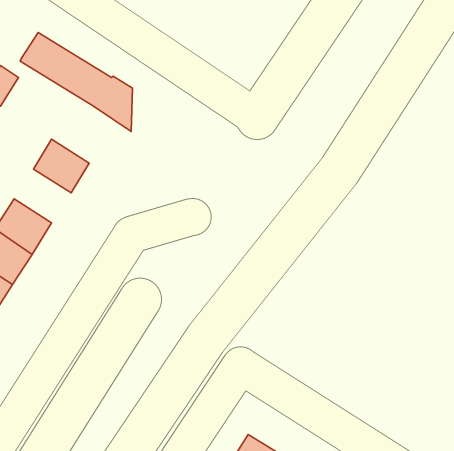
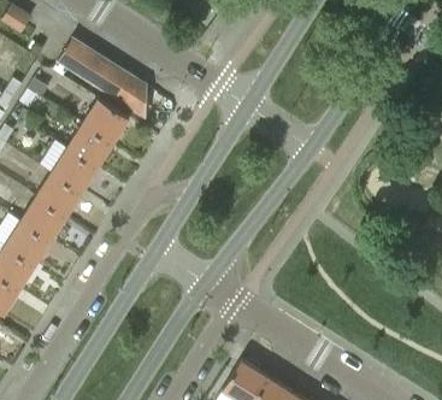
building: none -> [81,100,128,145]
building: none -> [51,149,96,193]

